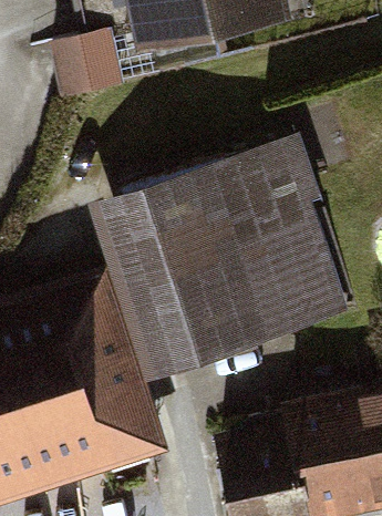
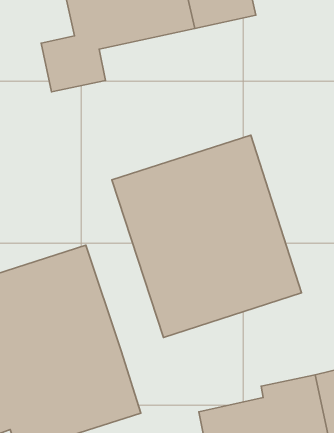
building: [92,200,193,383] -> none

